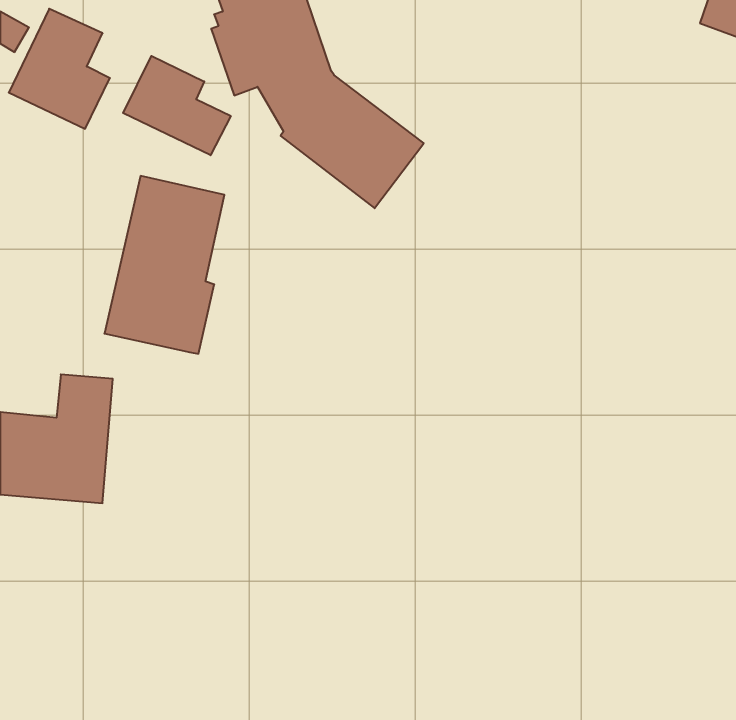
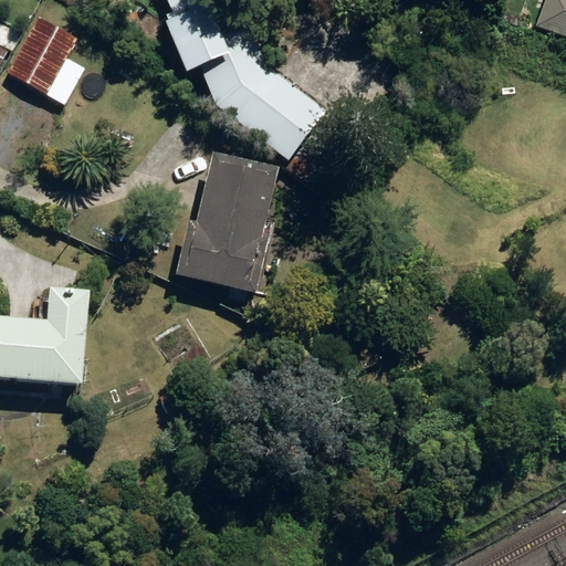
building: [123,56,231,155] -> none
building: [104,176,224,354] -> [184,155,275,291]

